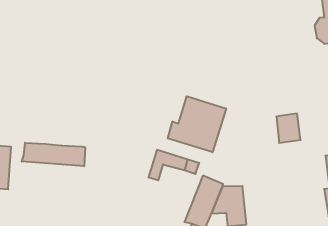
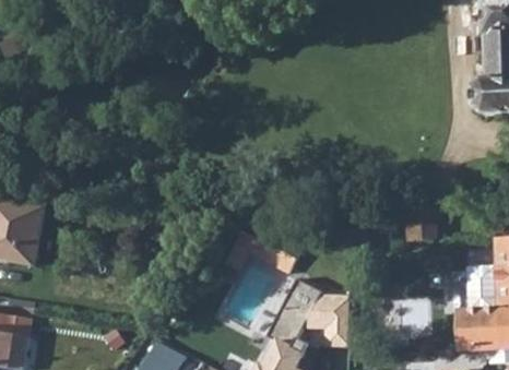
building: [168,96,226,152] -> none
building: [22,143,85,166] -> none

